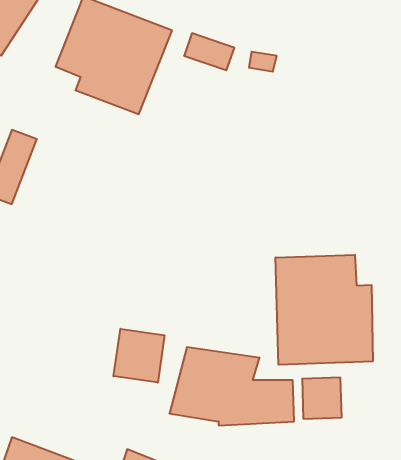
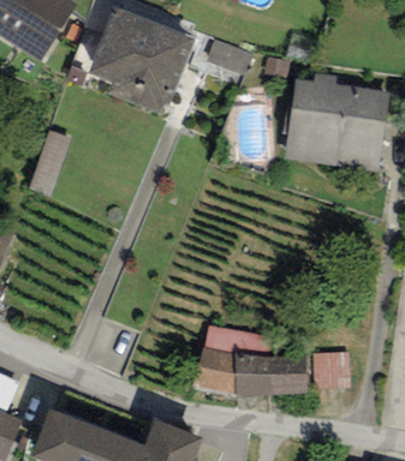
building: none -> [284,73,389,172]
building: [276,255,373,365] -> none
building: [113,329,165,383] -> none

